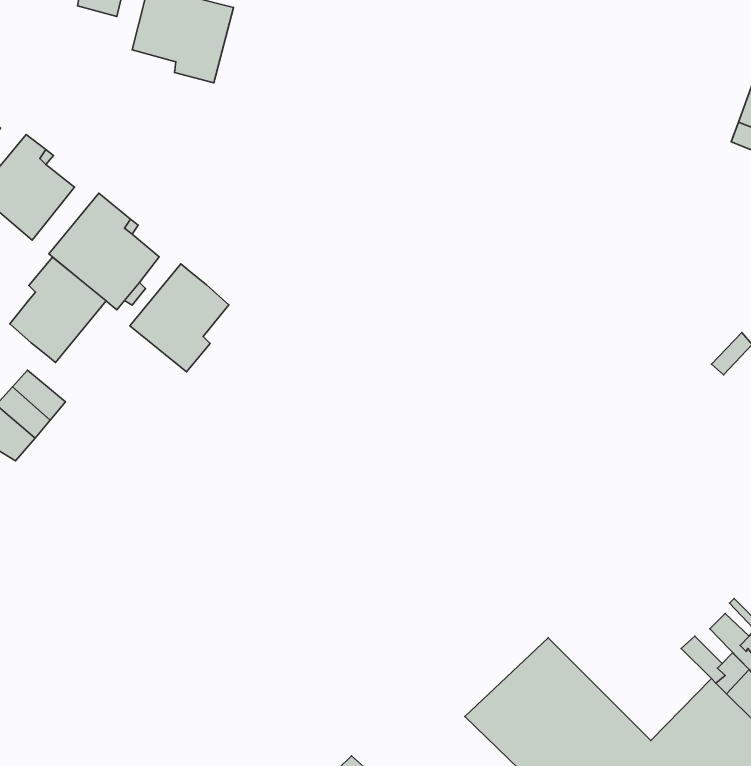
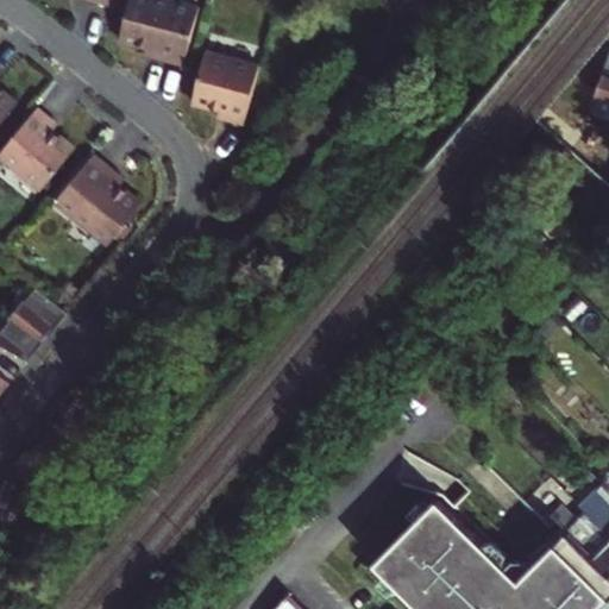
building: none -> [189,55,256,130]
building: [10,257,106,362] -> none
building: [130,264,229,372] -> none

